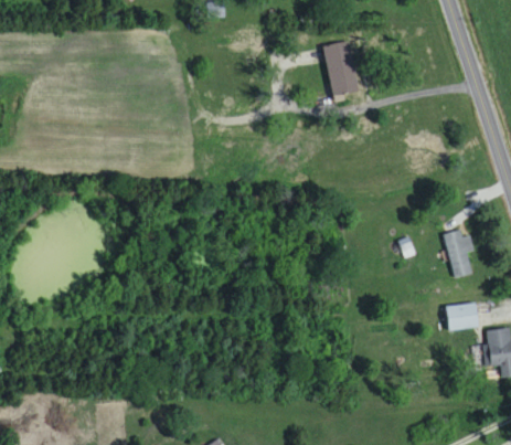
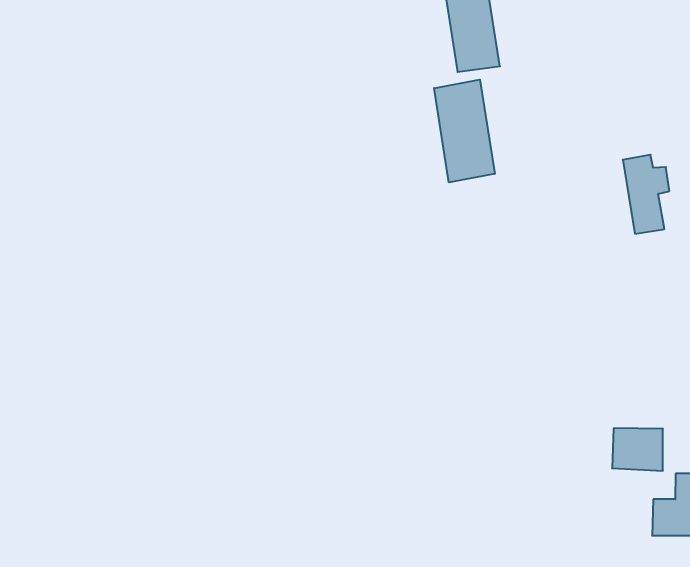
building: none -> [434,80,495,182]
building: [445,229,475,277] -> [623,155,669,234]

